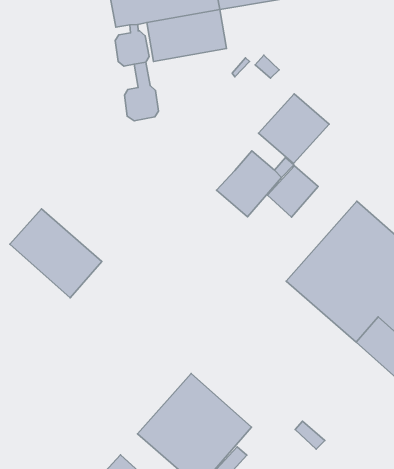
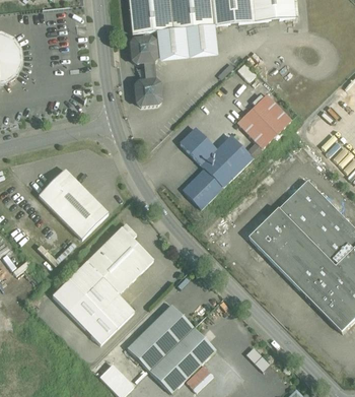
building: none -> [180,128,216,164]
building: [267,166,318,217] -> [184,170,223,209]
building: none -> [52,223,153,344]

